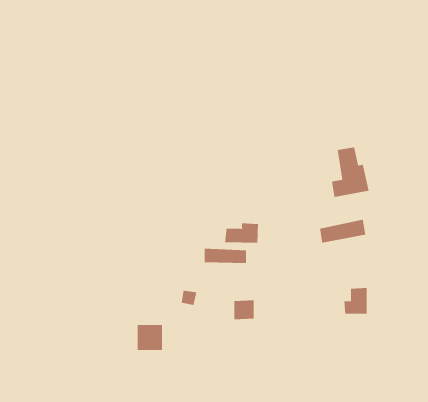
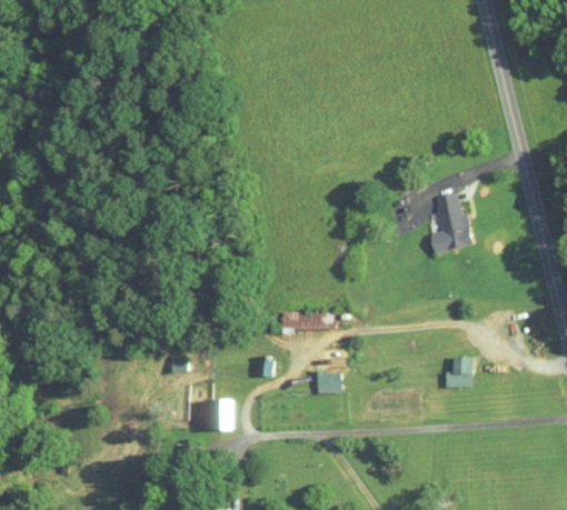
building: [319,219,366,243] -> none
building: [224,222,258,243] -> none

